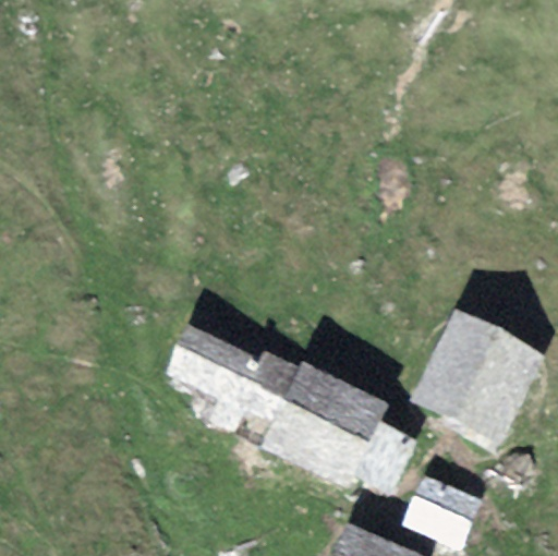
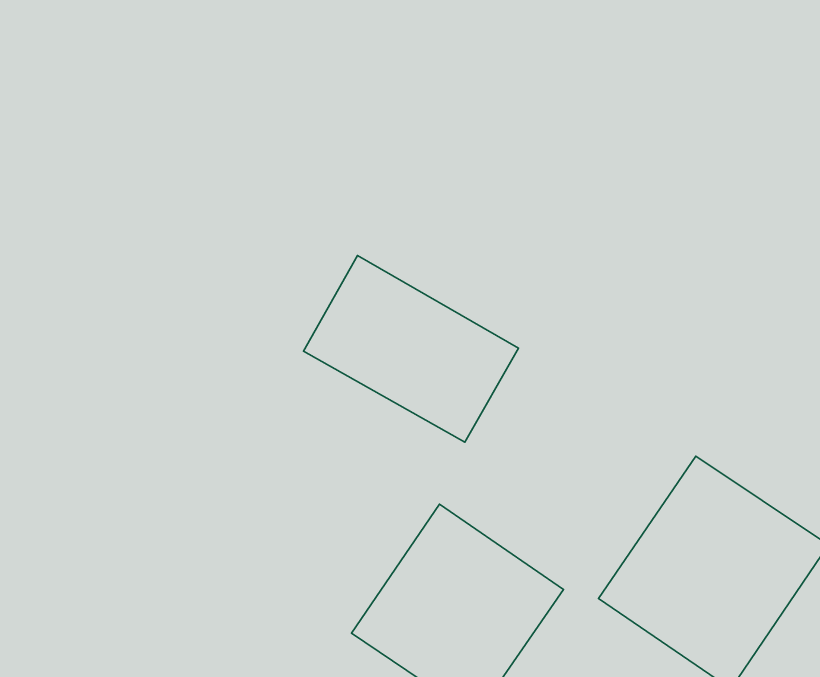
building: [162,318,291,421] -> [303,255,519,442]

